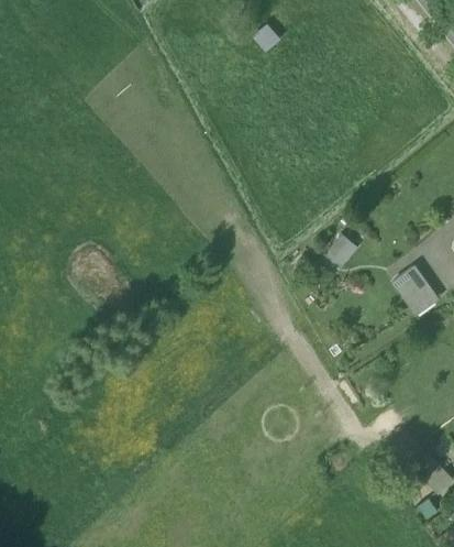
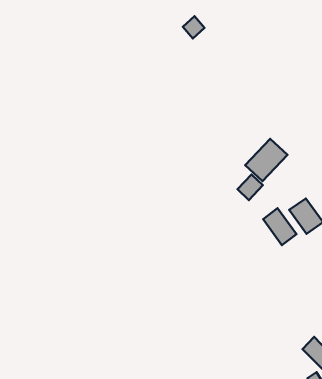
building: none -> [245,139,288,181]
building: none -> [263,208,296,245]

